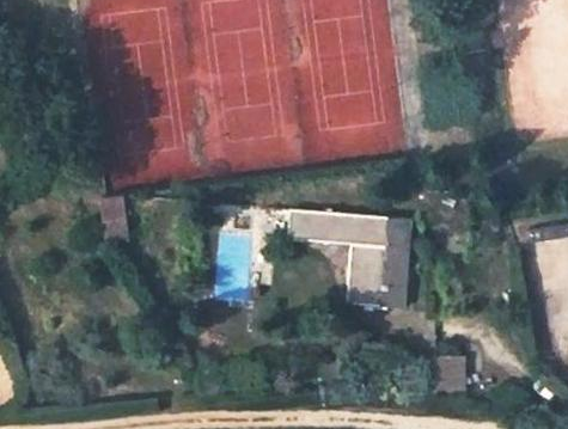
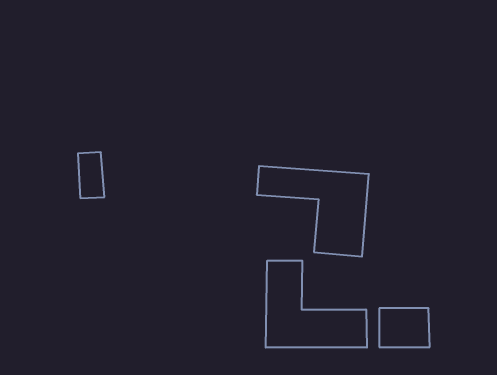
building: none -> [266,261,367,348]

